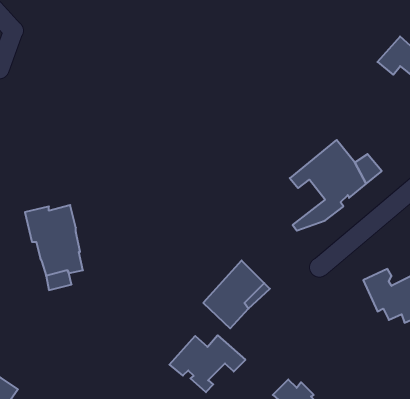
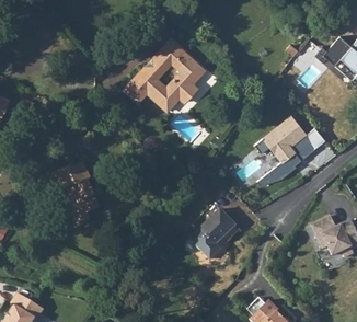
building: none -> [122,38,196,111]
building: [169,335,245,392] -> none

